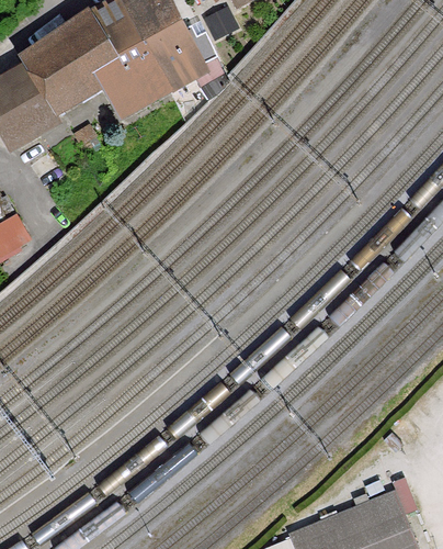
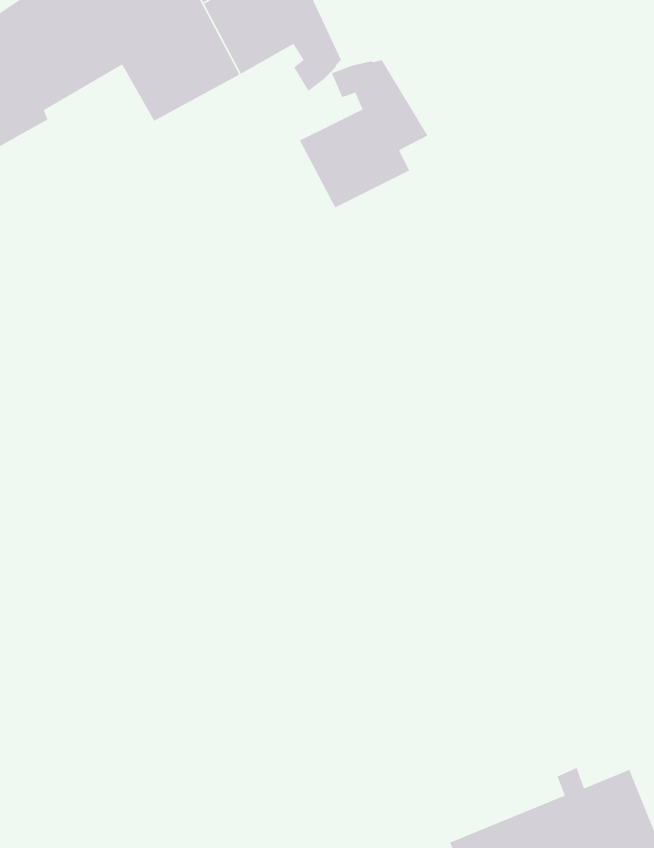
building: none -> [299,59,428,208]

